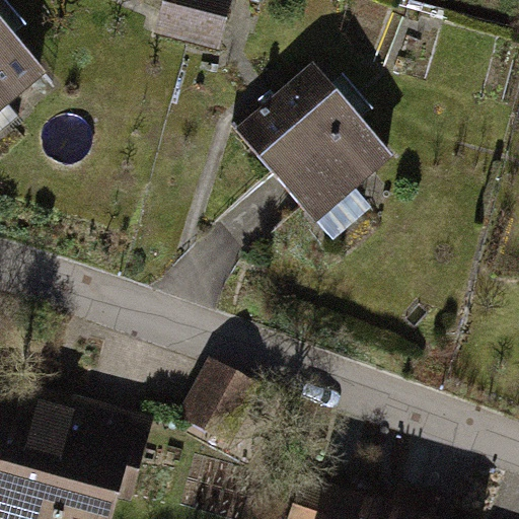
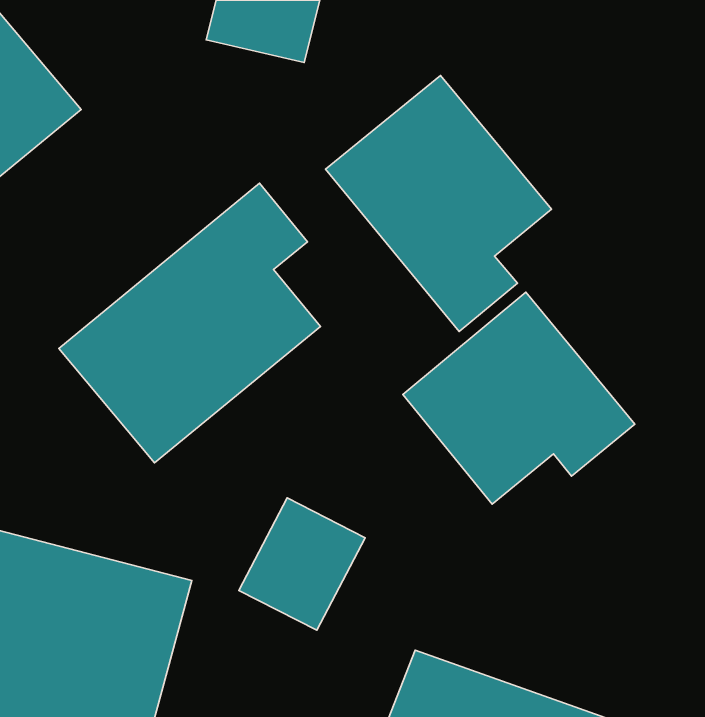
building: none -> [59,183,320,463]
building: none -> [403,292,635,504]

